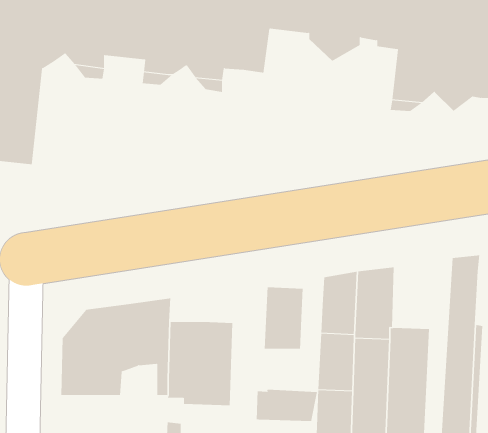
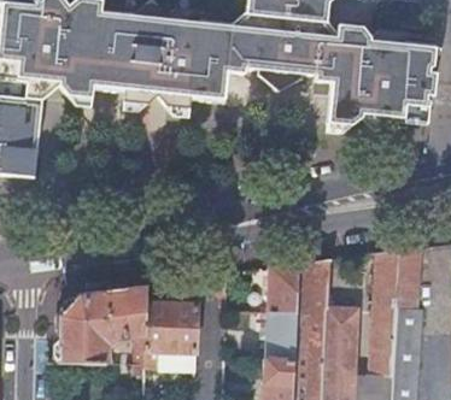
building: [264,287,303,350] -> none
building: [256,389,317,422] -> none

